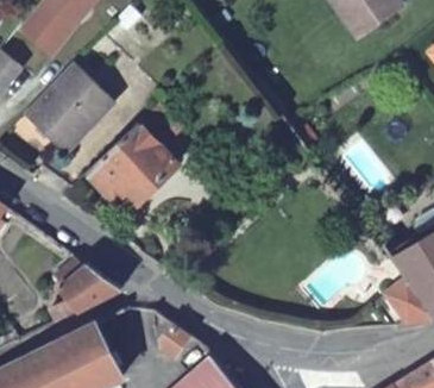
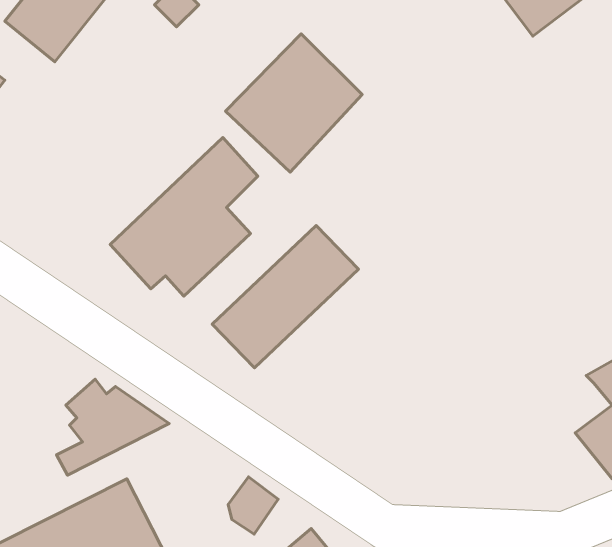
building: [23,62,111,151] -> [226,34,362,172]
building: none -> [212,225,358,368]

